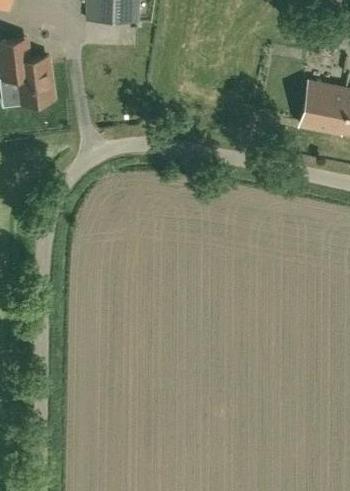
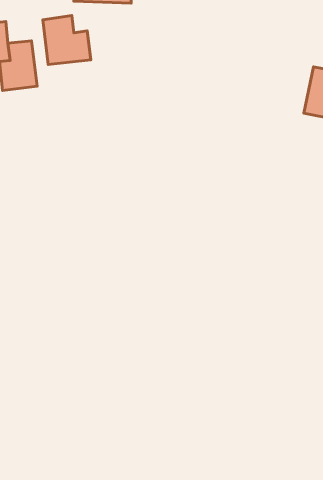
building: none -> [43,16,91,65]

